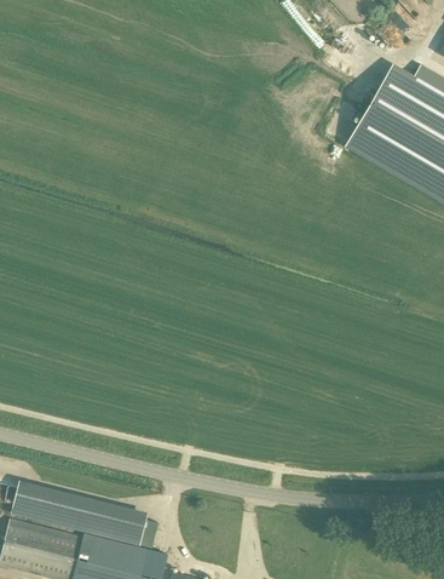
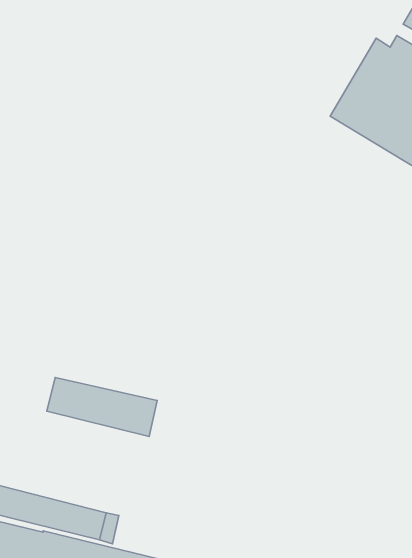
building: none -> [47,378,157,436]

